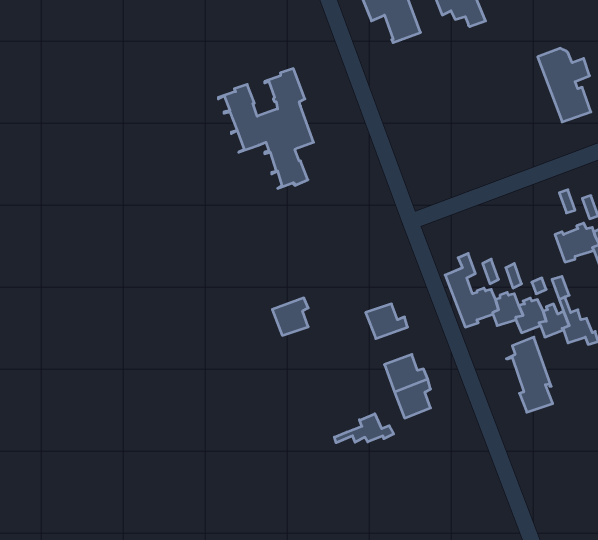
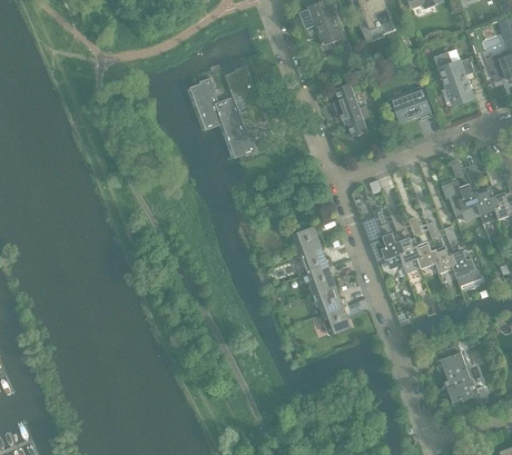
building: none -> [332,82,368,137]
building: none -> [391,87,432,122]
building: [272,298,308,335] -> [293,225,321,254]
building: none -> [308,265,336,294]
building: [506,337,553,412] -> [436,344,472,402]
building: [334,414,394,443] -> none

